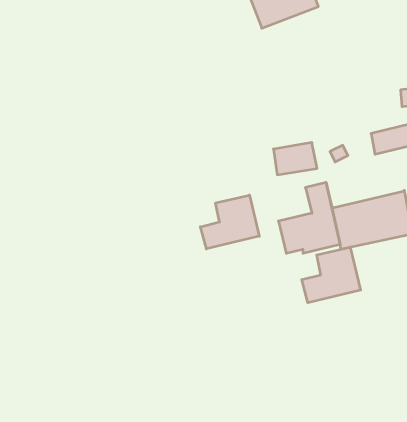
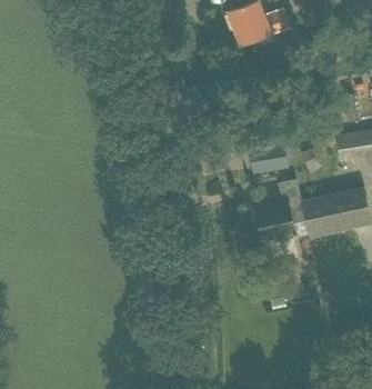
building: [200,195,259,249] -> none
building: [302,247,361,303] -> none

